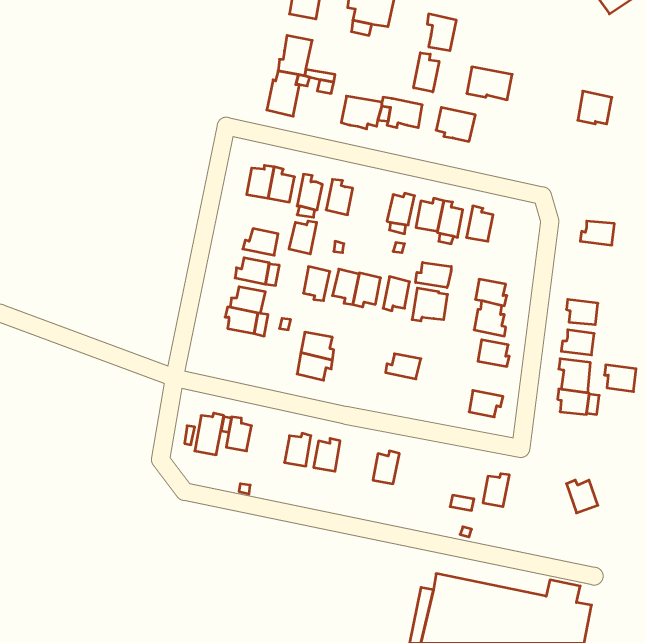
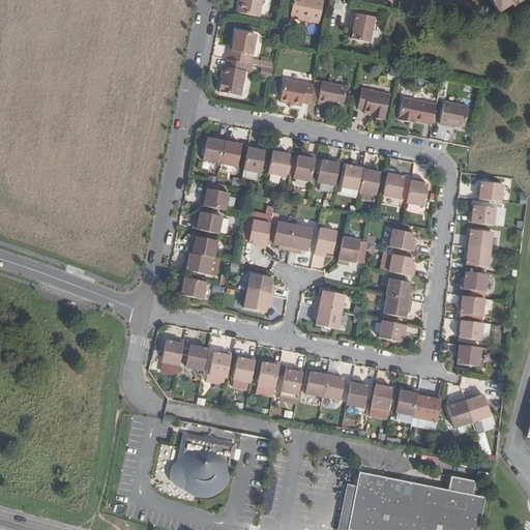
building: [414,53,439,92] -> none
building: [467,67,512,100] -> [399,96,436,123]
building: [578,91,612,124] -> [440,99,468,126]
building: none -> [406,177,426,205]
building: [289,221,317,254] -> [292,154,315,181]
building: none -> [468,204,495,225]
building: [416,262,451,288] -> none
building: none -> [465,229,492,248]
building: none -> [179,275,205,297]
building: none -> [388,296,416,317]
building: [604,365,636,392] -> [454,344,480,365]
building: none -> [314,305,341,328]
building: none -> [209,351,231,378]
building: none -> [281,367,302,393]
building: none -> [322,372,344,400]
building: none -> [346,379,366,407]
building: none -> [370,381,391,409]
building: none -> [418,394,441,421]
building: none -> [447,396,472,426]
building: none -> [169,431,237,496]

